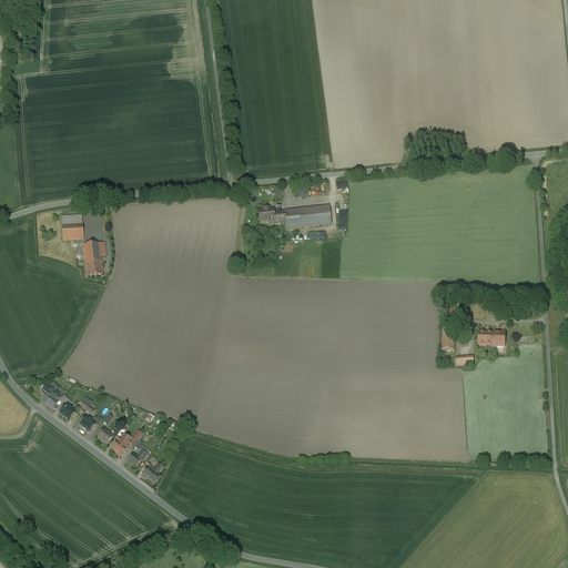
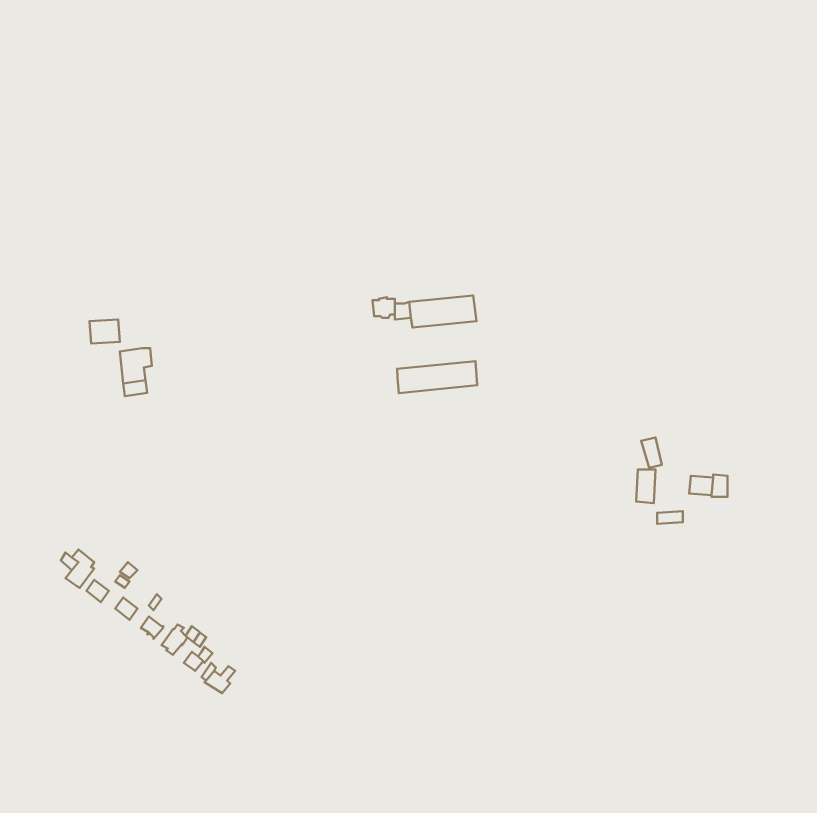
building: none -> [397,361,477,393]

